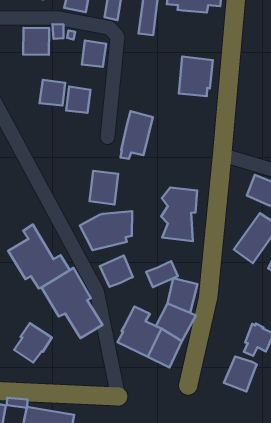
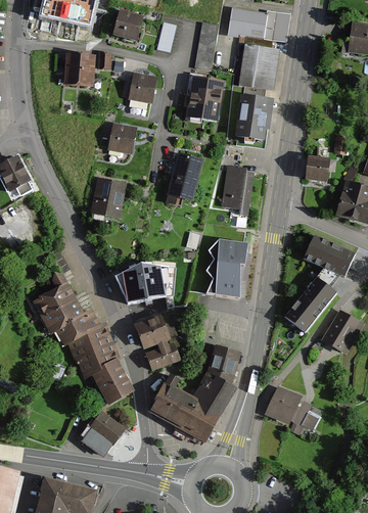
building: none -> [238,45,279,91]
building: none -> [185,73,224,123]
building: [40,80,65,106] -> none
building: none -> [304,157,330,185]
building: none -> [222,169,255,215]
building: [90,171,118,204] -> [91,178,125,217]
building: [146,261,178,287] -> [145,341,180,369]
building: [14,323,52,363] -> [82,410,125,454]
building: [224,357,257,392] -> [264,384,302,424]

